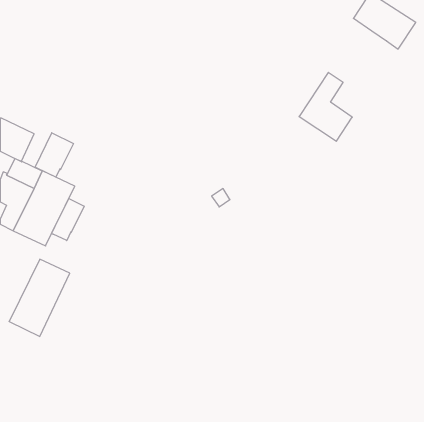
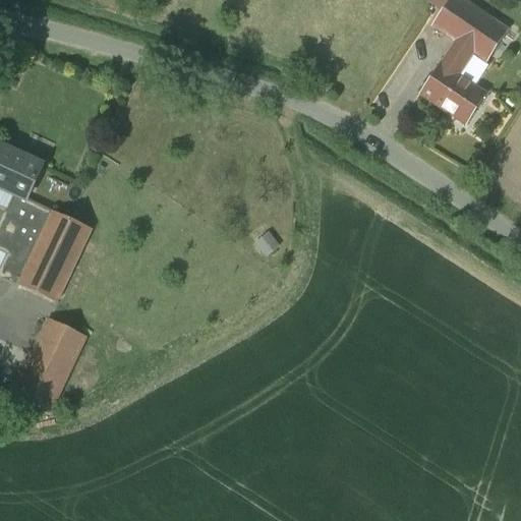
building: [299,72,352,141] -> [420,38,485,122]
building: [35,133,73,177] -> none
building: [52,198,84,241] -> none

